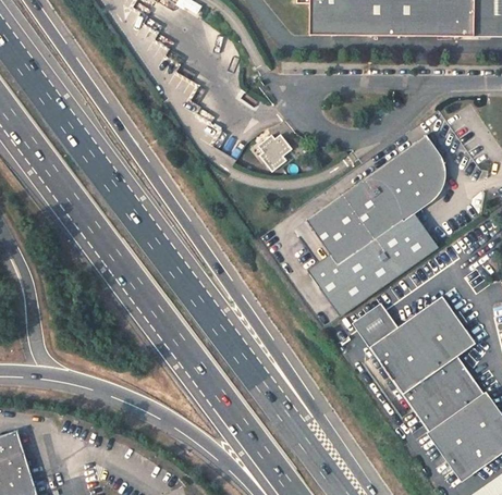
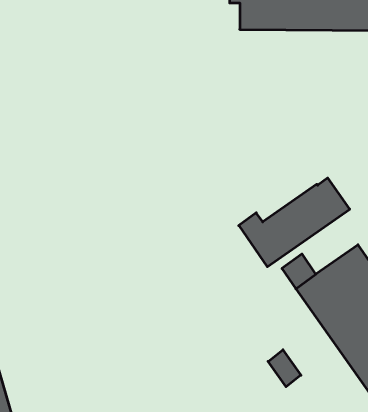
building: [256,135,291,172] -> none
building: [302,135,442,265] -> none
building: none -> [268,350,301,387]

